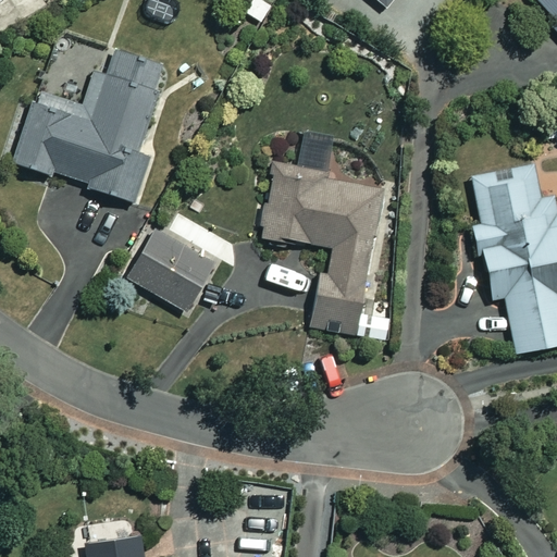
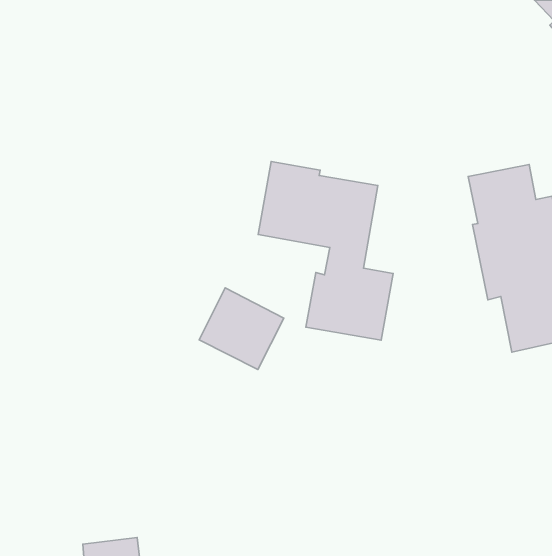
building: [13,52,163,201] -> none
building: [127,227,212,309] -> [199,288,284,369]

